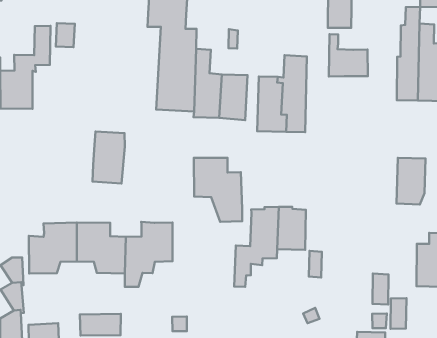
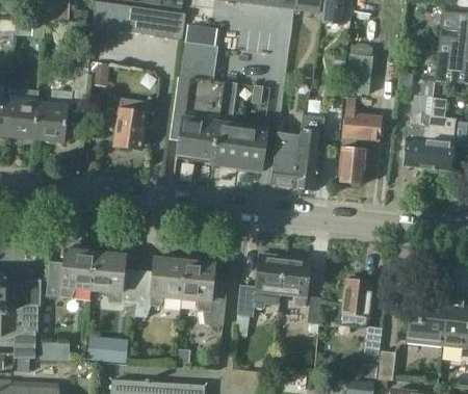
building: none -> [338,137,368,183]
building: [92,131,125,183] -> [113,98,148,149]
building: [194,158,242,222] -> [181,260,227,323]
building: [396,158,426,205] -> [342,279,373,324]

